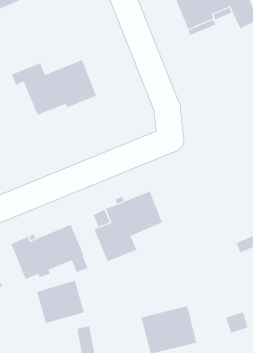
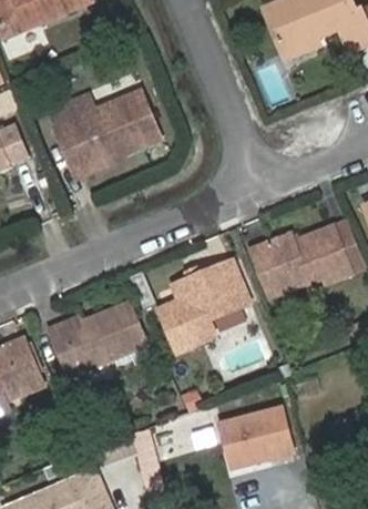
building: none -> [54,118,126,177]
building: none -> [251,227,350,294]
building: [36,280,84,324] -> none

